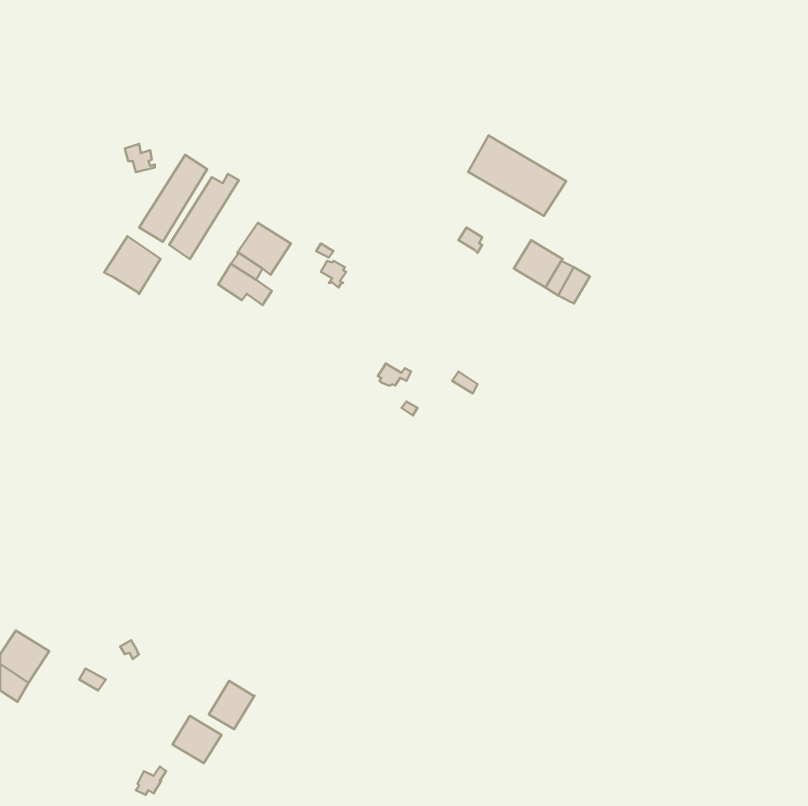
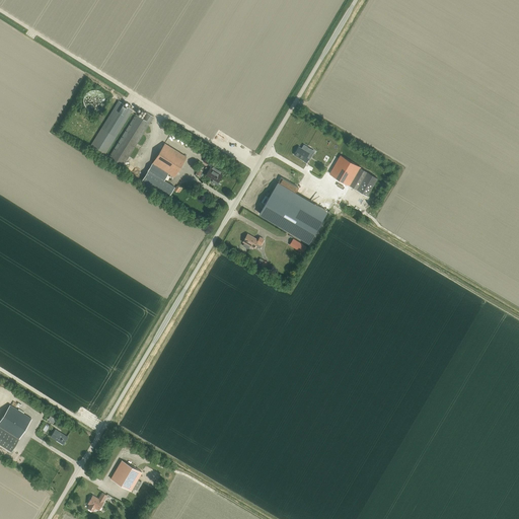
building: [468,135,566,216] -> [260,190,322,241]
building: [104,236,161,294] -> none
building: [209,681,255,729] -> none

